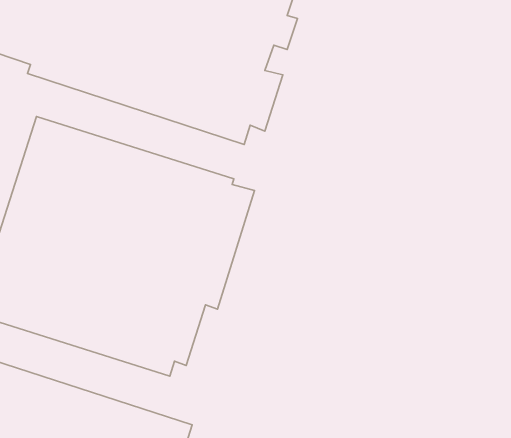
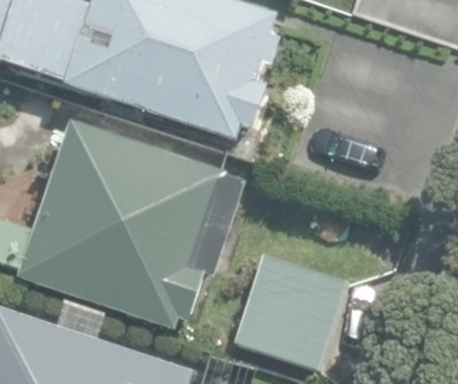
building: none -> [232,251,349,368]

